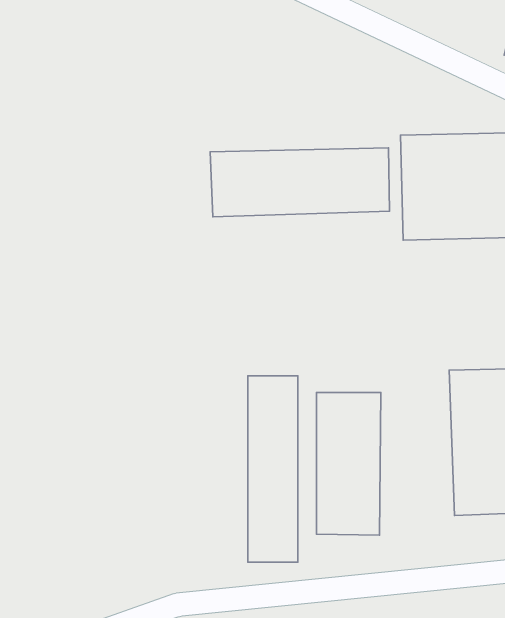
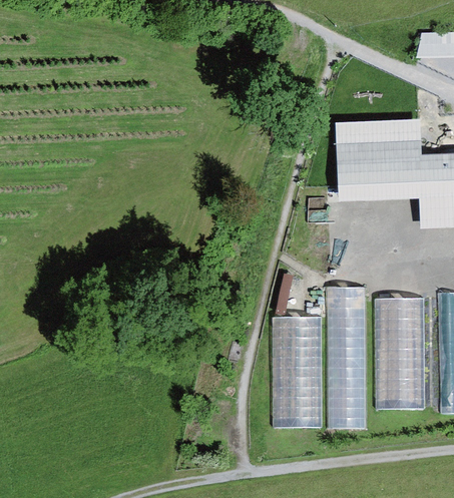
building: [210,148,390,217] -> none
building: [248,376,298,562] -> [327,288,365,430]

